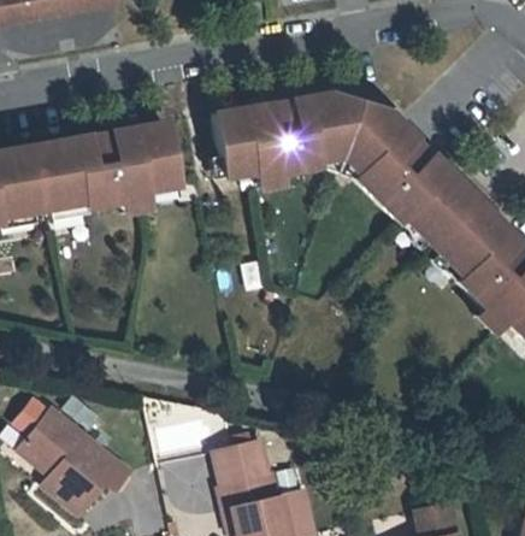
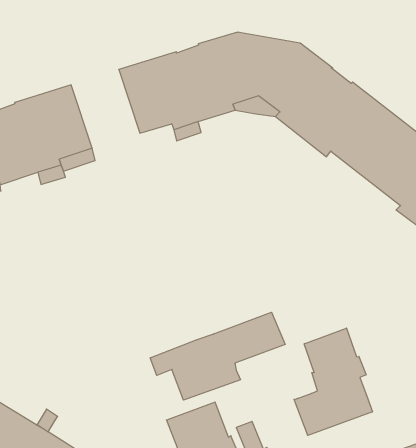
building: none -> [150,312,285,400]
building: none -> [294,328,372,435]

